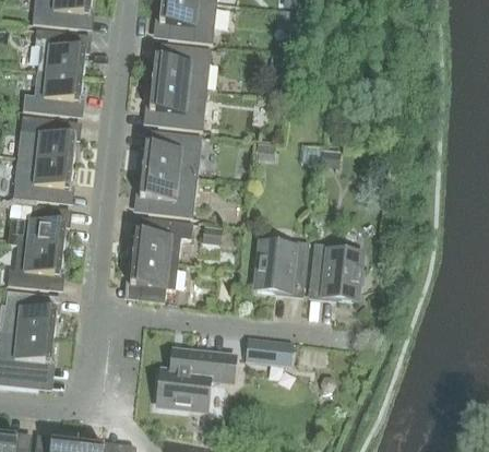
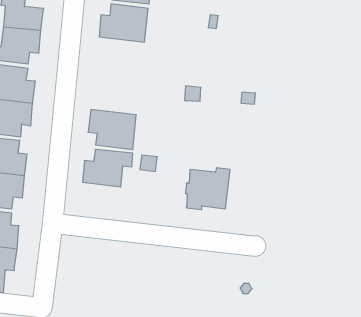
building: [148,84,206,132] -> none
building: [142,132,200,178] -> none
building: [309,243,361,300] -> none
building: [129,259,178,304] -> none
building: [246,340,291,366] -> none
building: [157,348,222,409] -> none

